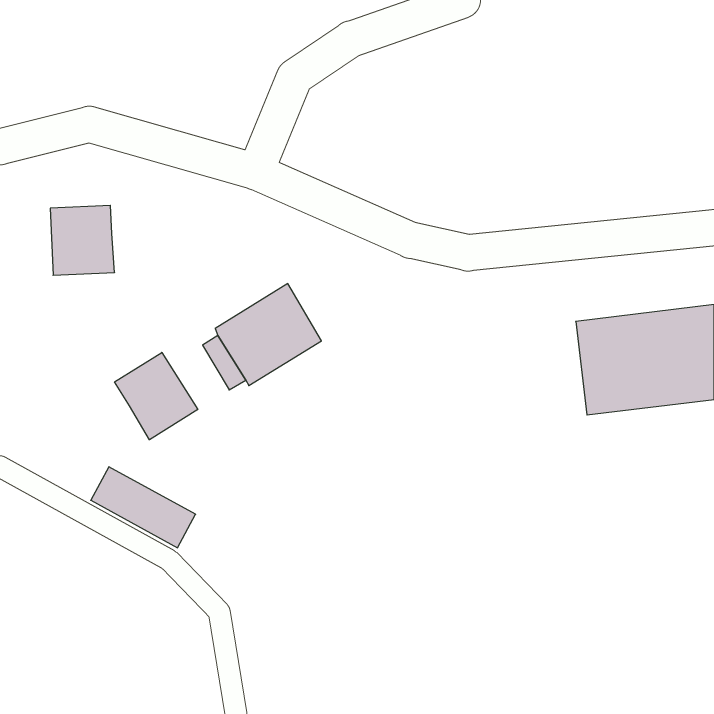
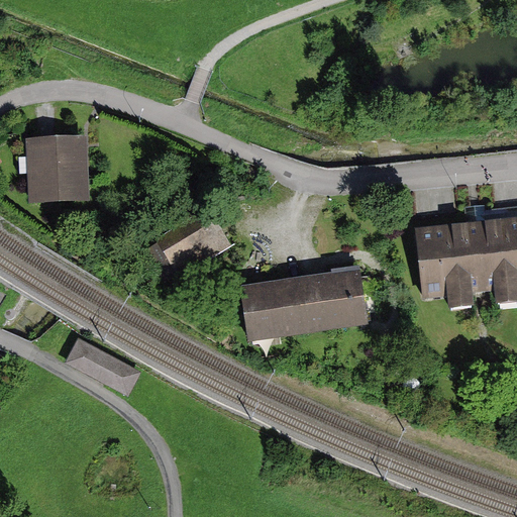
building: [115,352,198,440] -> none
building: none -> [241,267,369,339]

